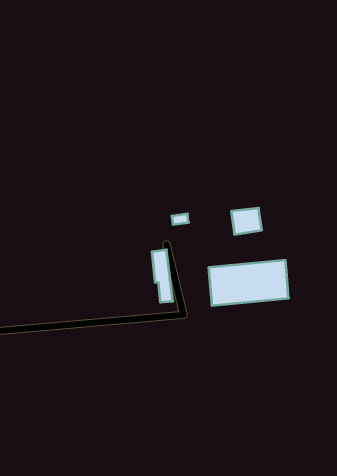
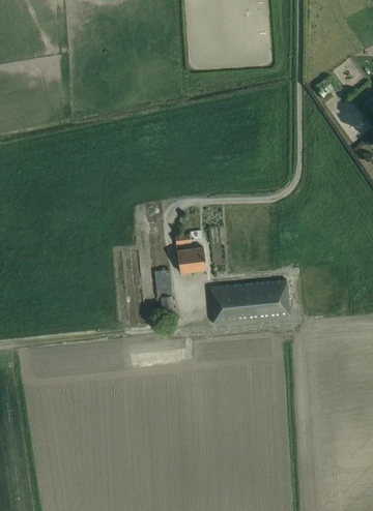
building: [231,208,262,234] -> [177,246,207,272]

